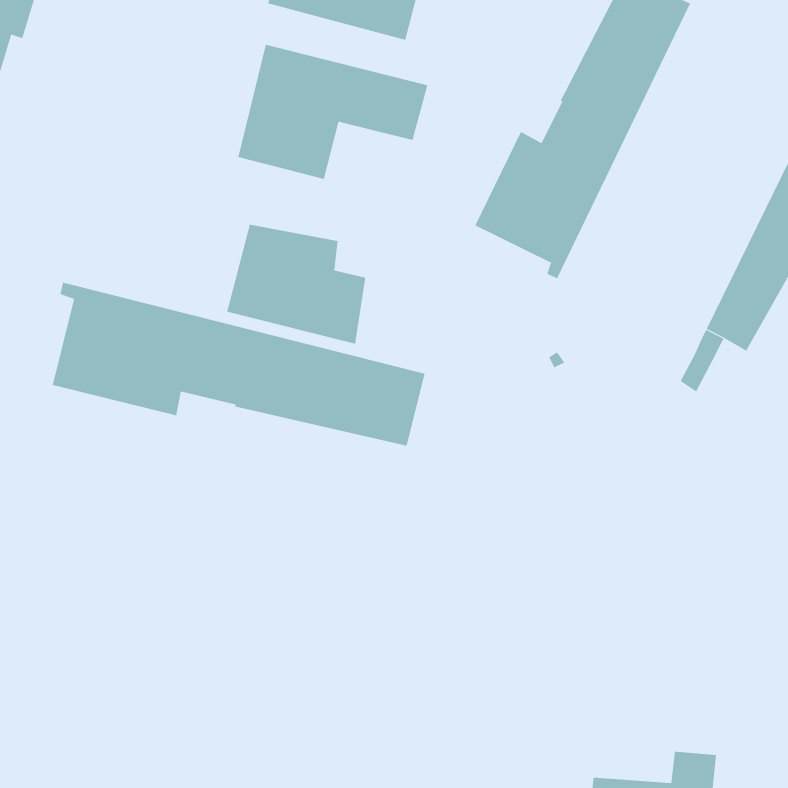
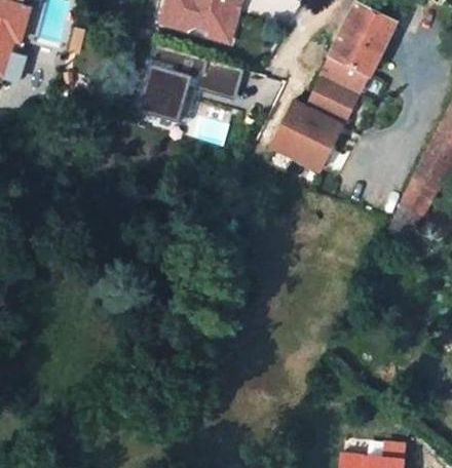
building: [227,224,366,344] -> none
building: [52,282,425,446] -> none

